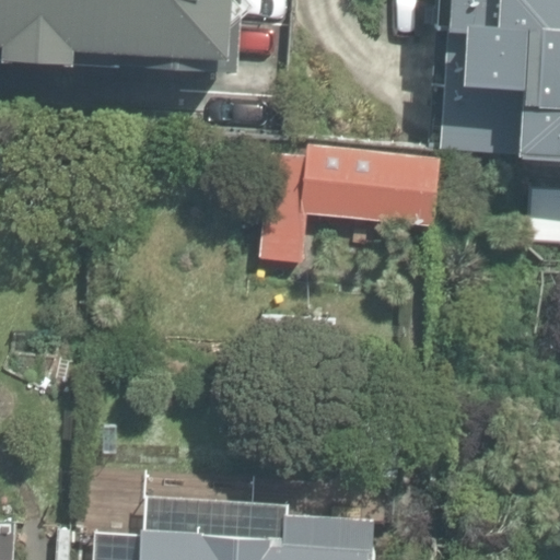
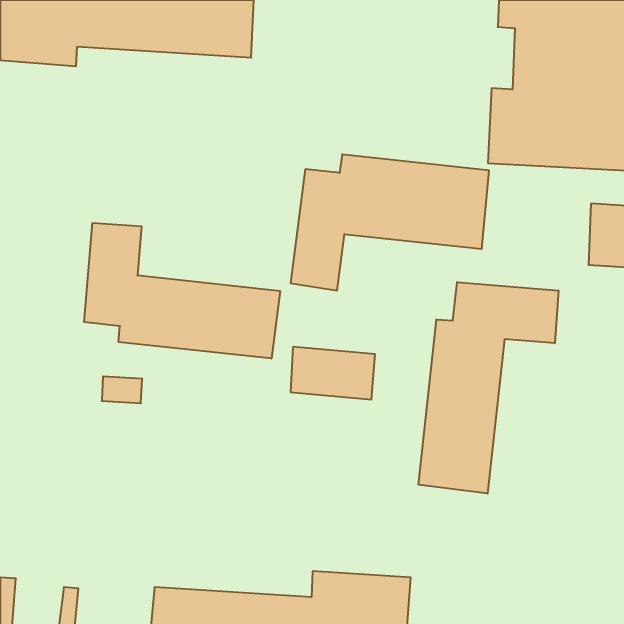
building: none -> [84,223,280,359]
building: none -> [419,282,558,494]

